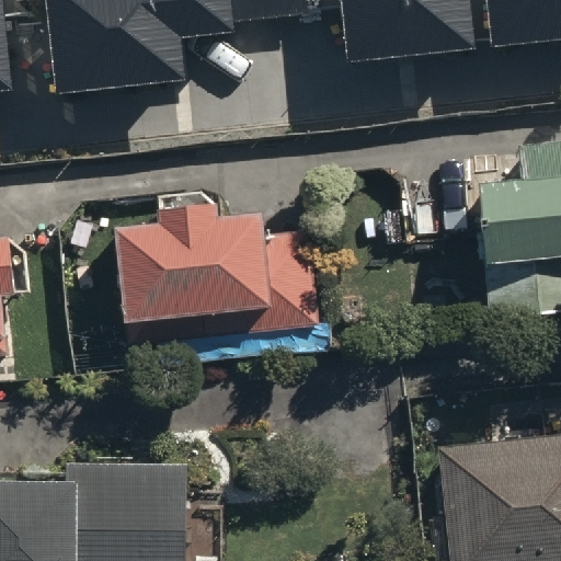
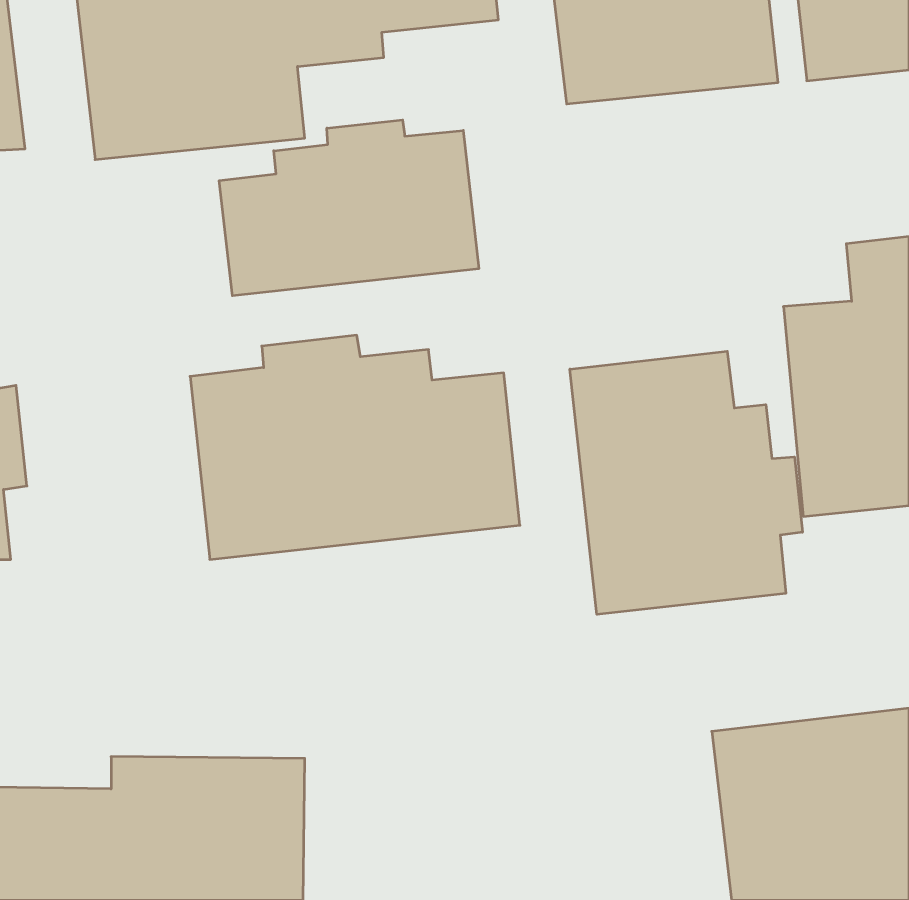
building: none -> [219,120,479,296]
building: none -> [570,351,802,614]

